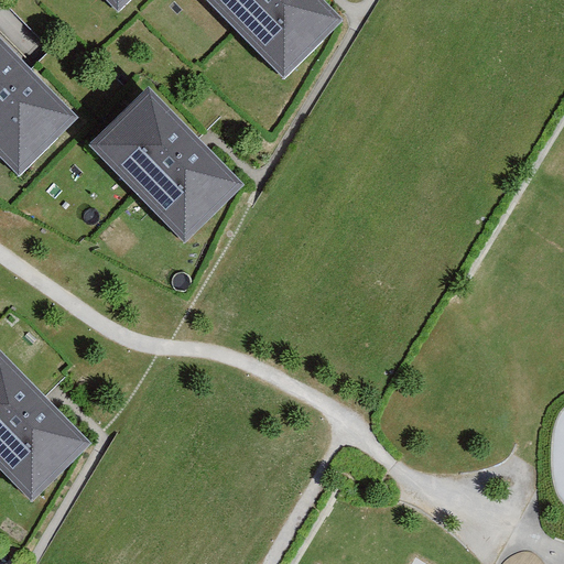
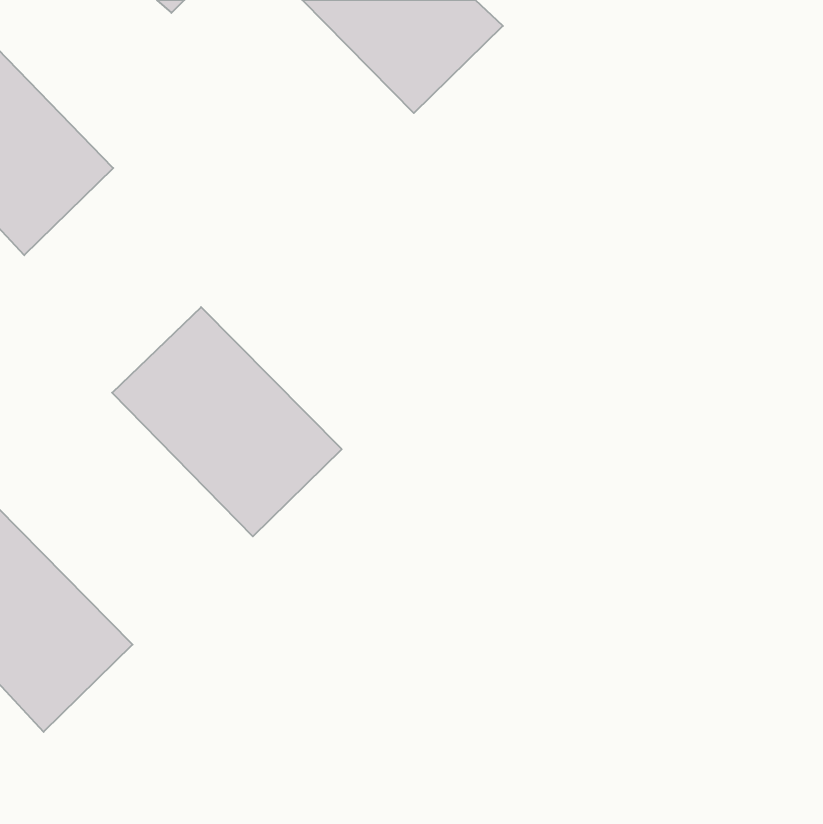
building: [87,86,243,242] -> [112,307,342,536]

